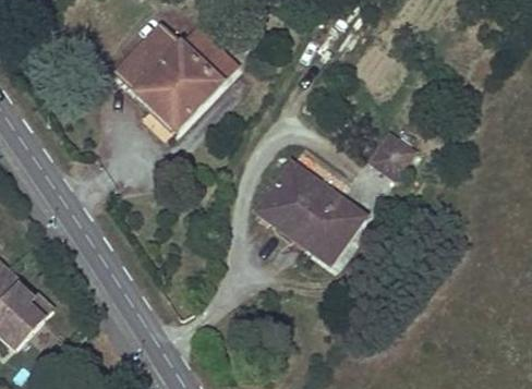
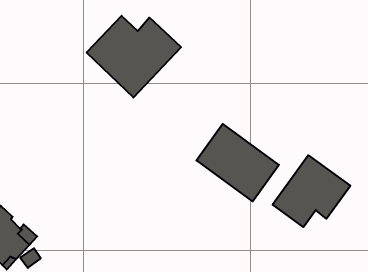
building: [371,134,413,179] -> none
building: none -> [273,155,350,227]

